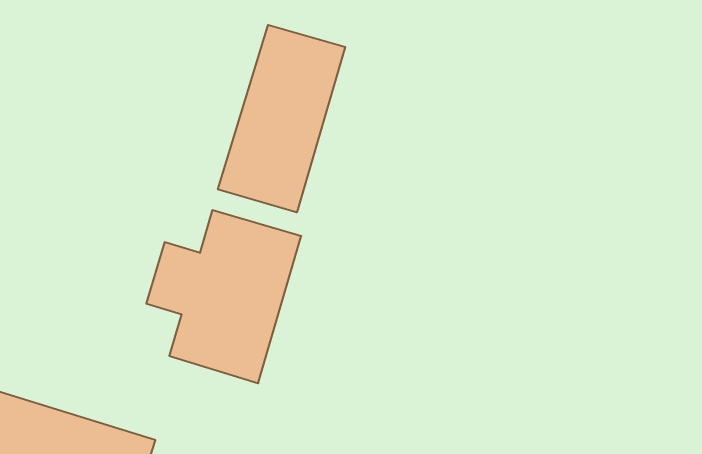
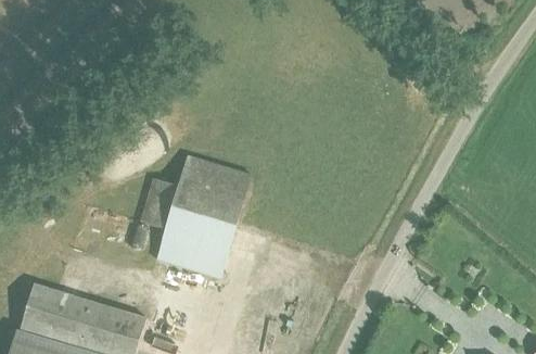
building: [218,25,345,212] -> none

